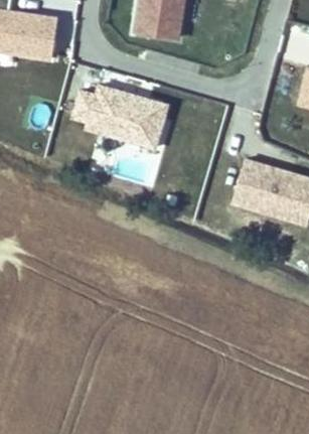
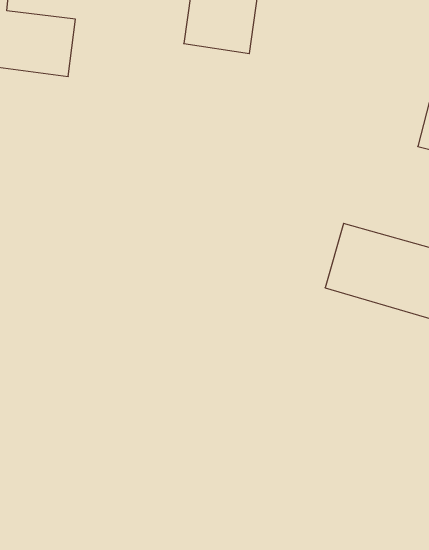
building: [73,84,169,148] -> none

